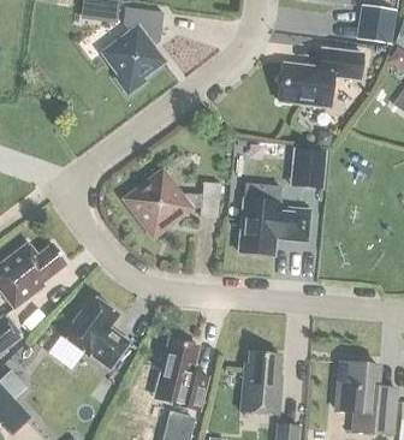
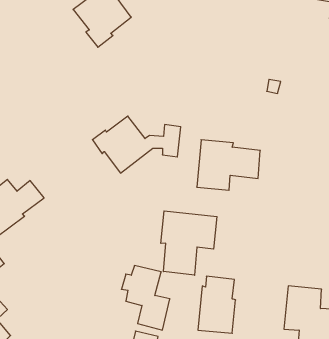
building: [279,47,362,106] -> none
building: [289,145,327,189] -> none
building: none -> [161,211,217,275]
building: [60,293,129,368] -> none

